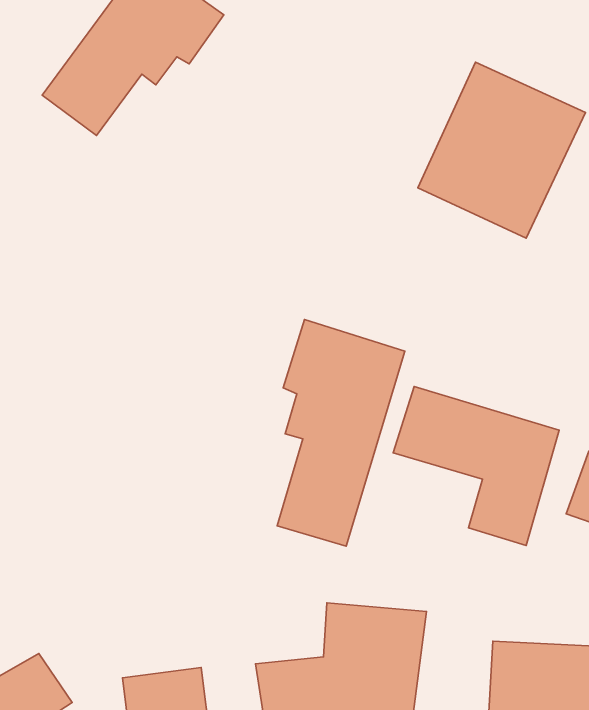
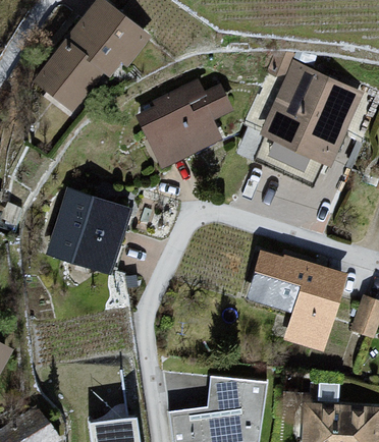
building: none -> [140,79,227,160]
building: none -> [51,191,127,269]
building: [277,320,405,546] -> none

